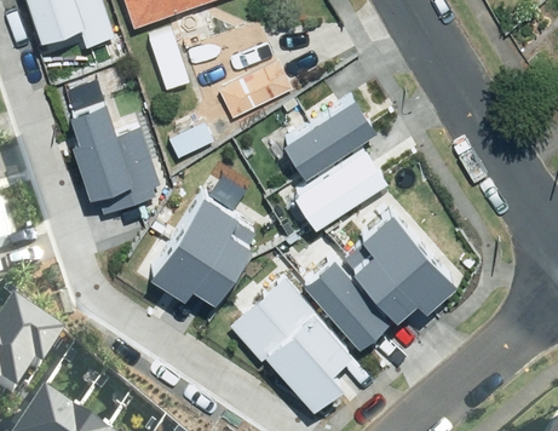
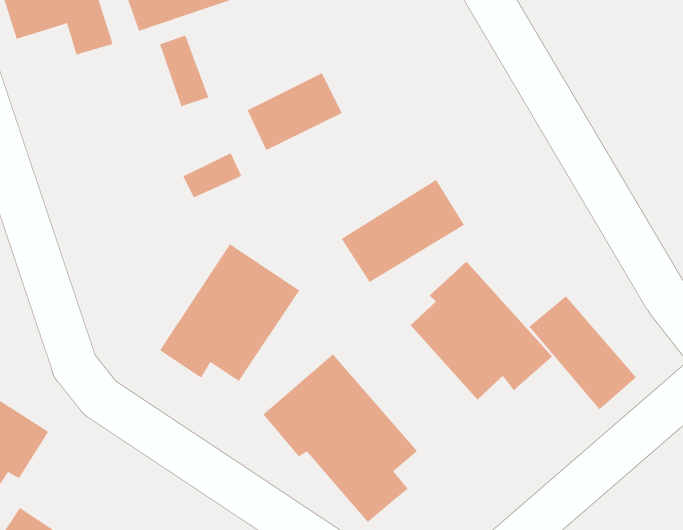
building: [68,82,159,217] -> none
building: [282,99,374,176] -> none
building: [304,258,387,346] -> [529,296,637,410]

